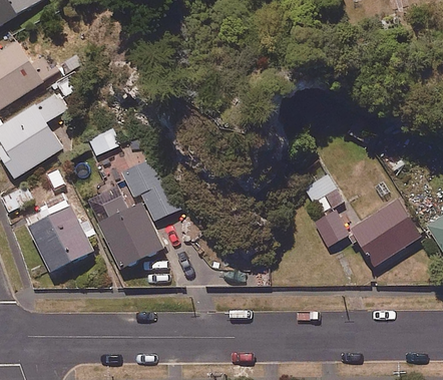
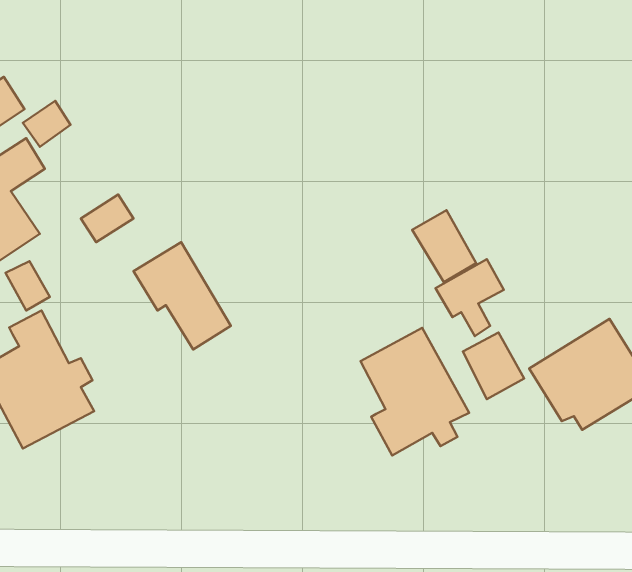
building: none -> [412,210,476,282]
building: [87,185,164,270] -> none
building: none -> [360,328,469,456]

